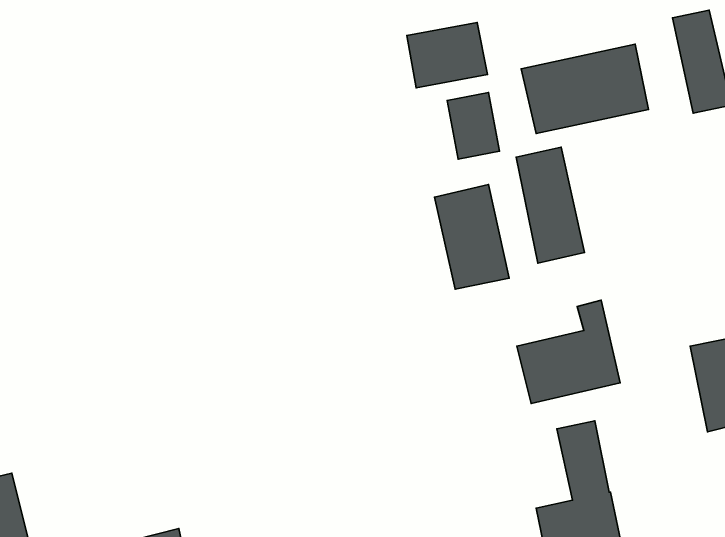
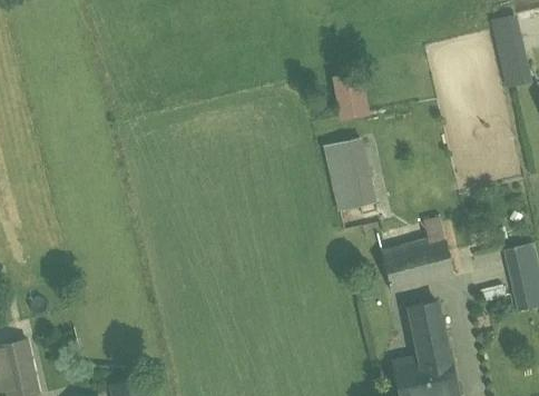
building: [407,23,488,88] -> none
building: [521,44,648,134] -> none
building: [516,147,585,263] -> none

